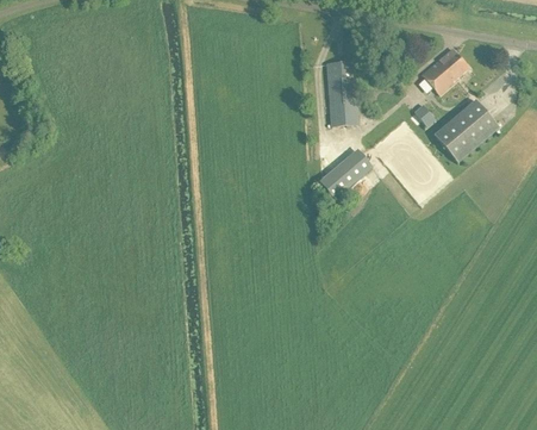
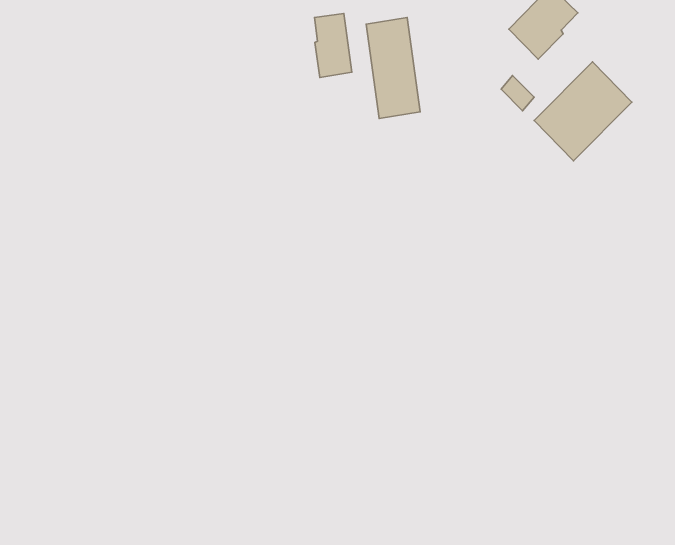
building: none -> [315,13,352,78]
building: [316,148,370,199] -> none

